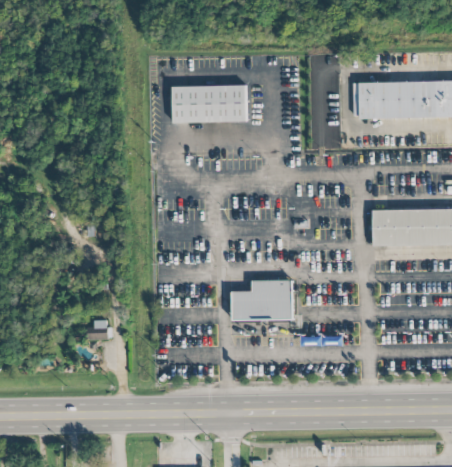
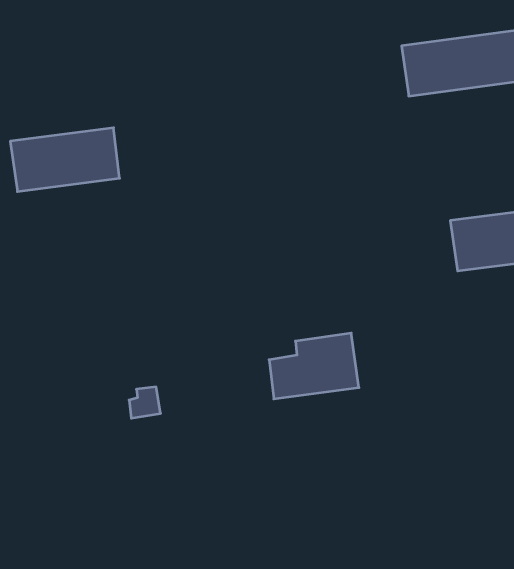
building: [173,86,247,123] -> [10,128,120,192]
building: [86,321,107,341] -> [129,387,161,418]

